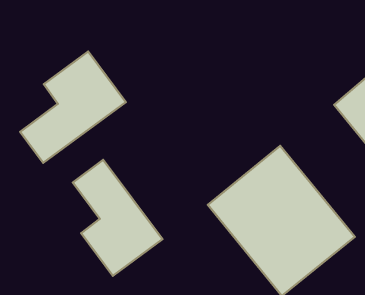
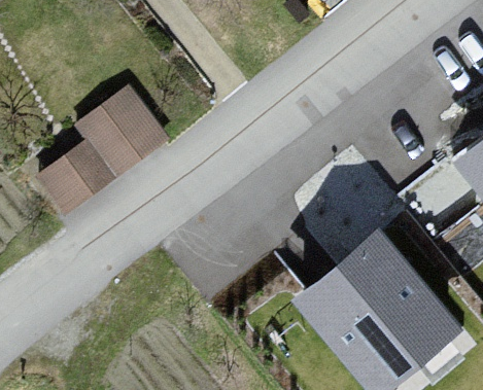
building: [73,160,163,276] -> none

